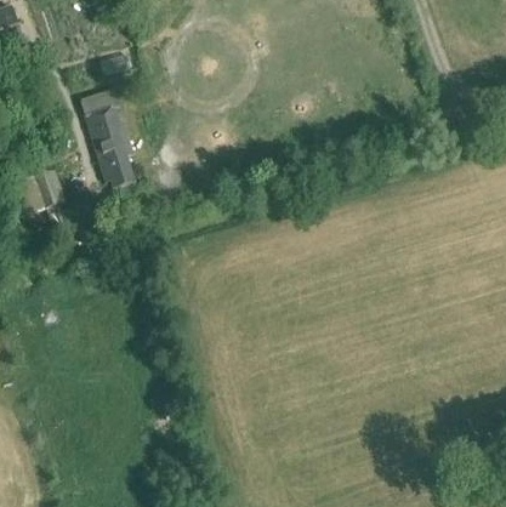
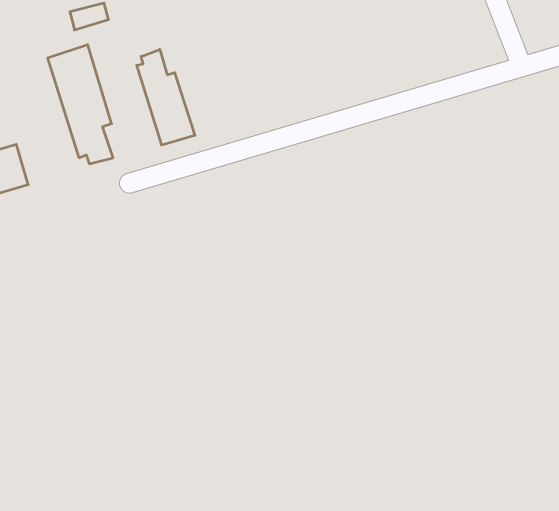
building: none -> [137,49,195,145]

